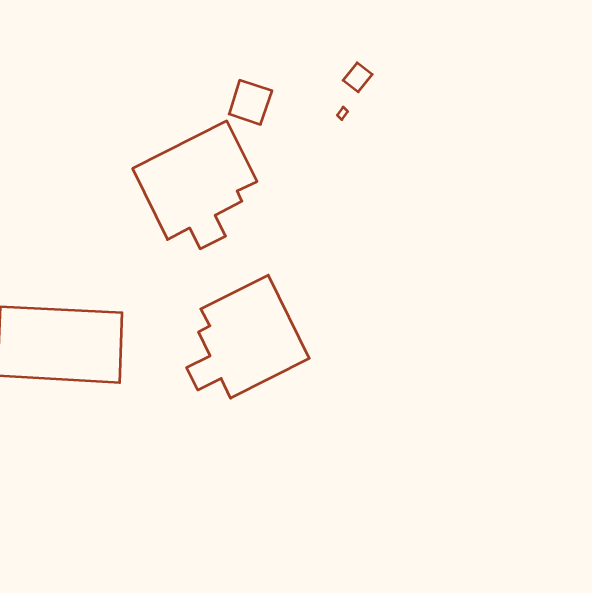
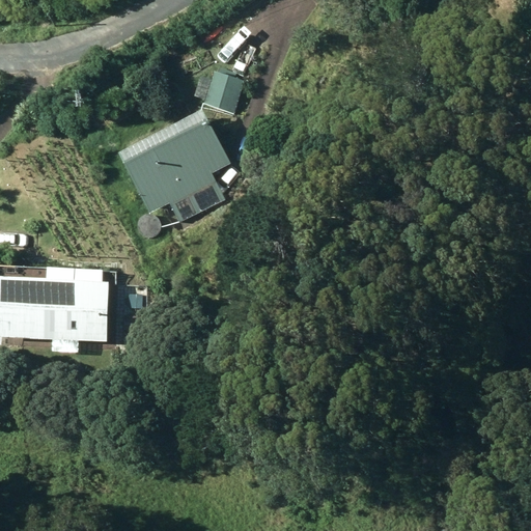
building: [187,275,309,398] -> none

